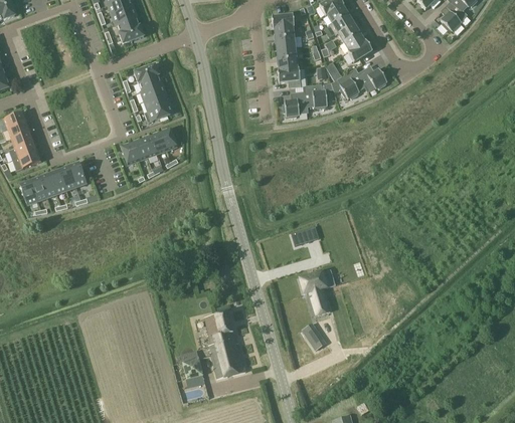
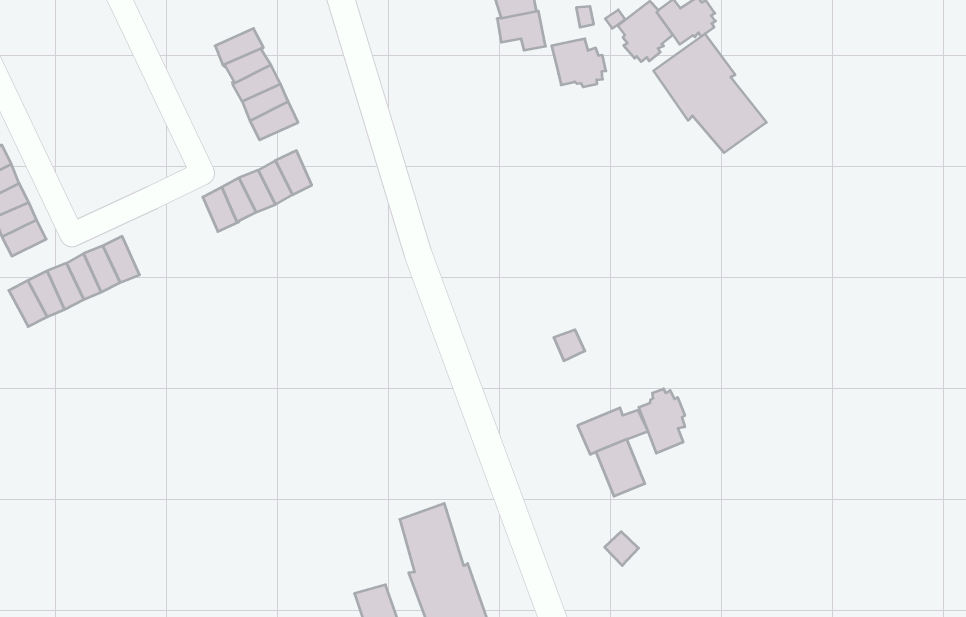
building: none -> [654,34,766,153]
building: [283,92,308,118] -> none
building: none -> [639,389,685,453]

